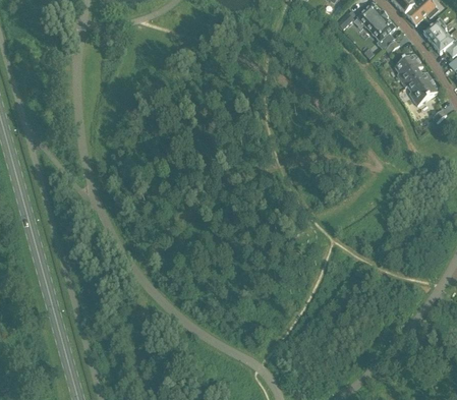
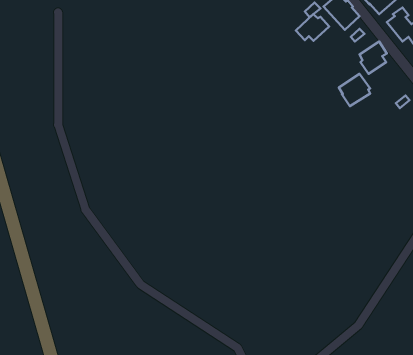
building: none -> [296,14,329,41]
building: [405,72,438,106] -> [339,74,370,106]

